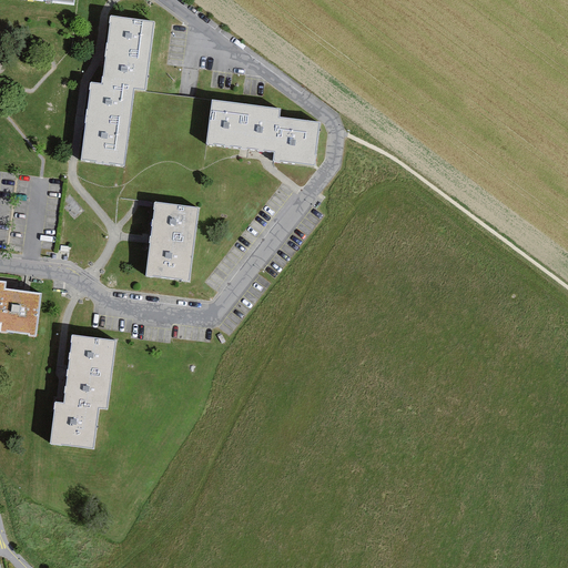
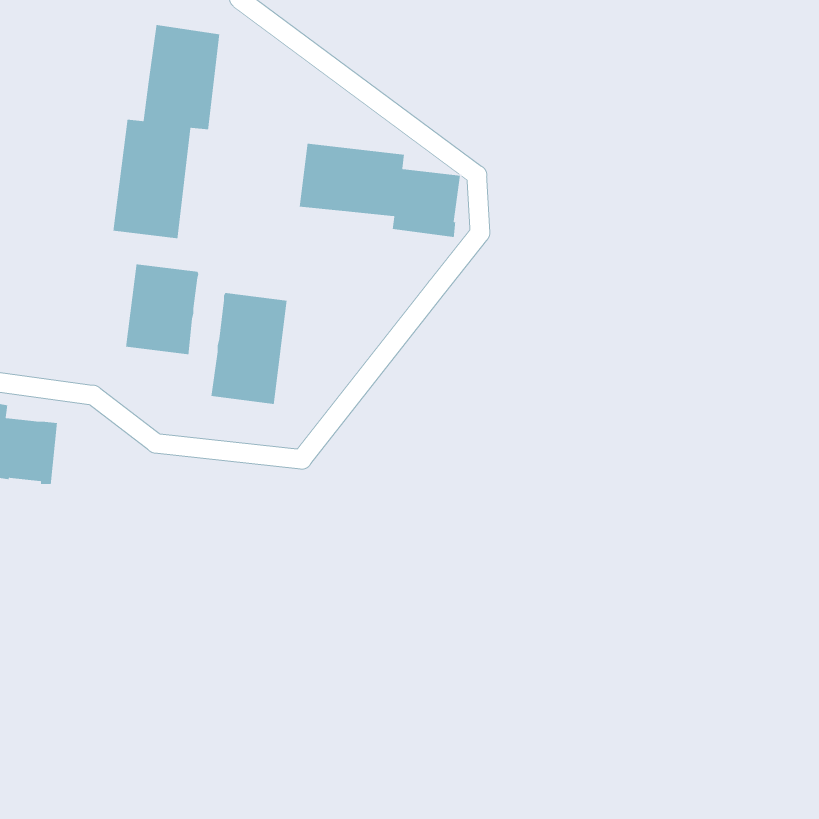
building: none -> [125,263,199,355]
building: [50,334,115,448] -> none

